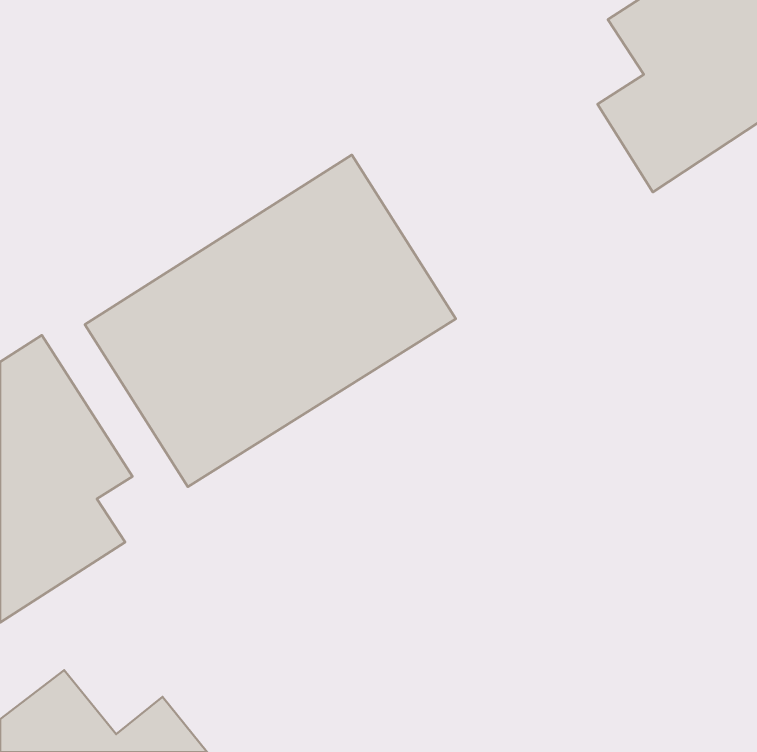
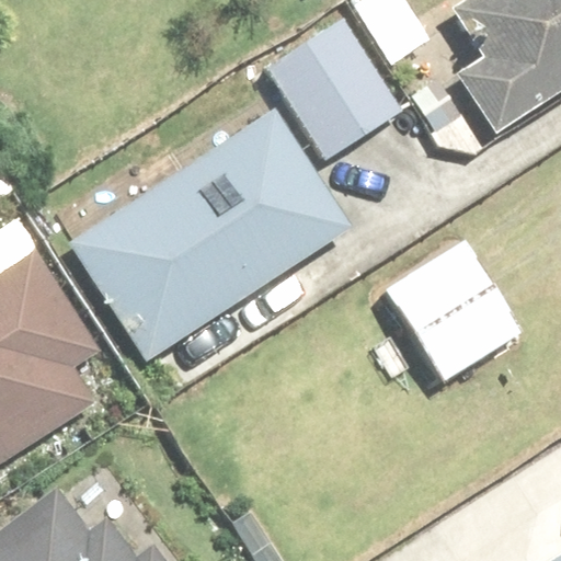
building: none -> [270,23,403,162]
building: none -> [387,241,534,387]

